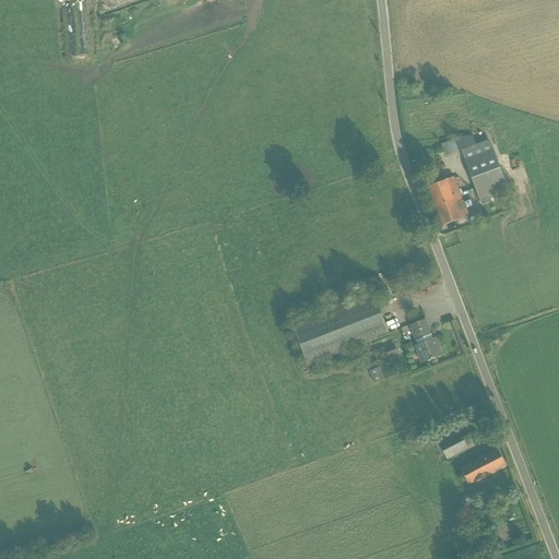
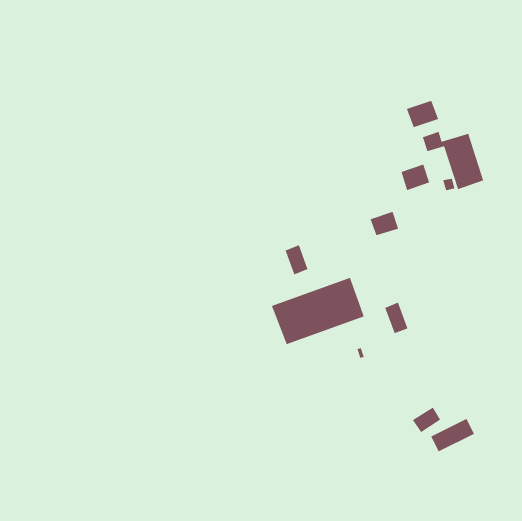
building: none -> [406,100,439,128]
building: [435,195,466,223] -> [370,211,399,236]
building: none -> [285,244,309,275]

